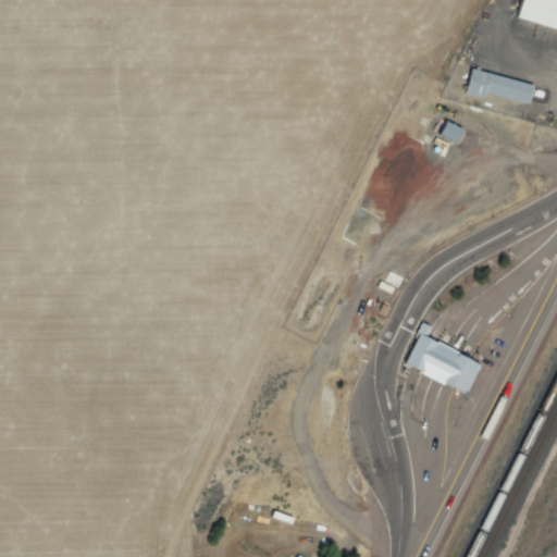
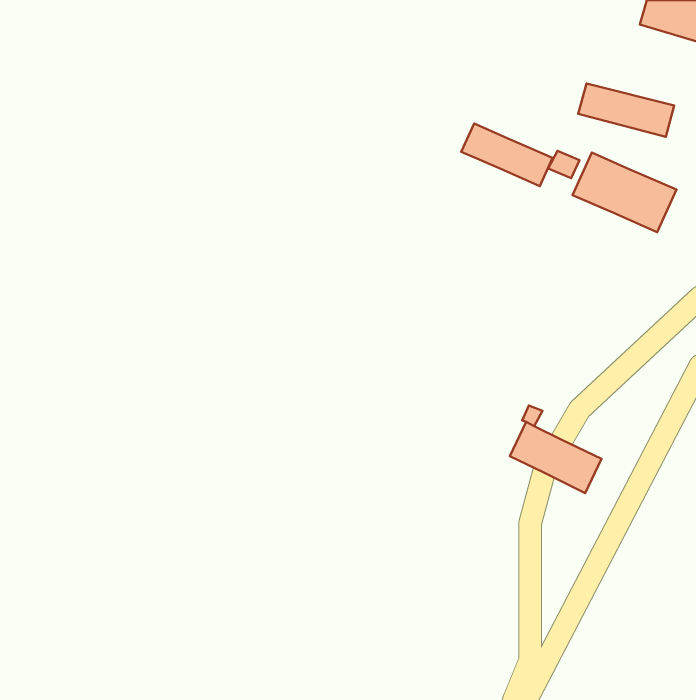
building: none -> [461,123,552,186]
building: none -> [573,152,676,232]

